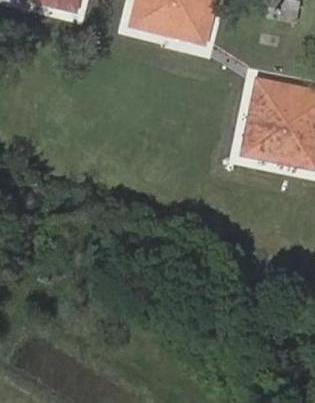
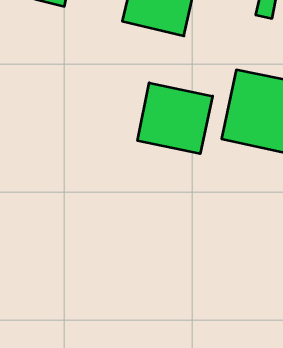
building: none -> [138,83,213,154]

